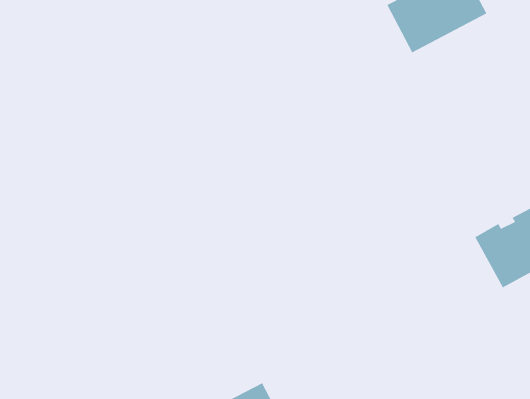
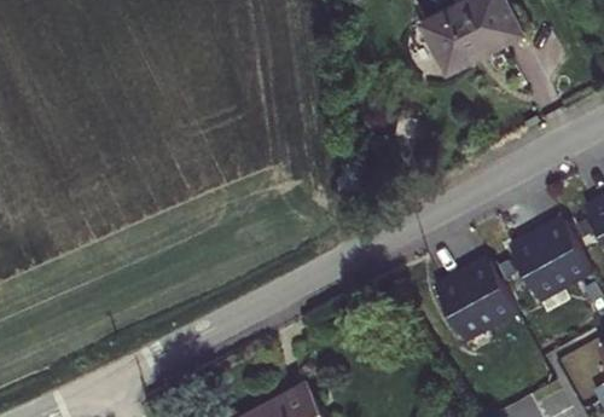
building: none -> [432,257,512,335]

